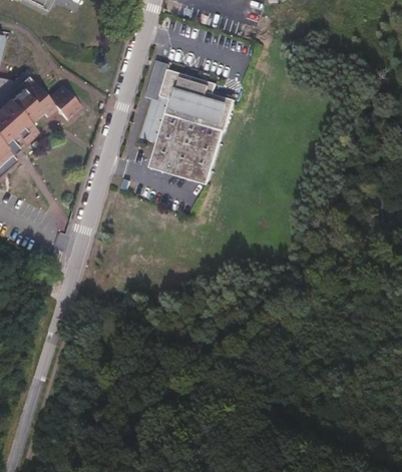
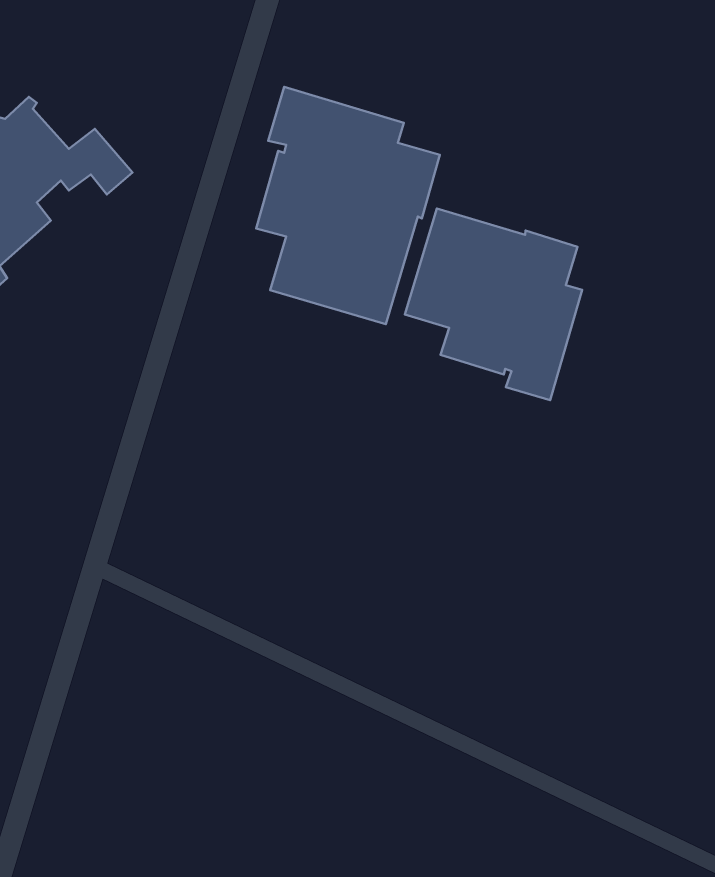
building: none -> [405,208,582,400]

